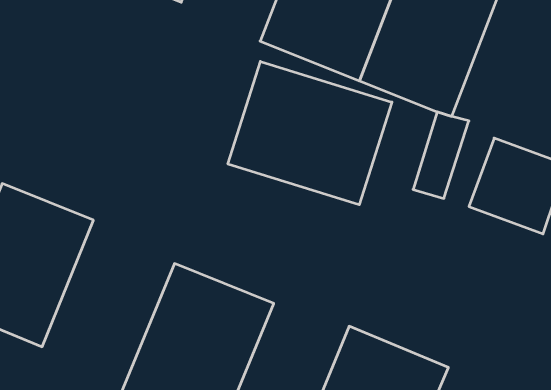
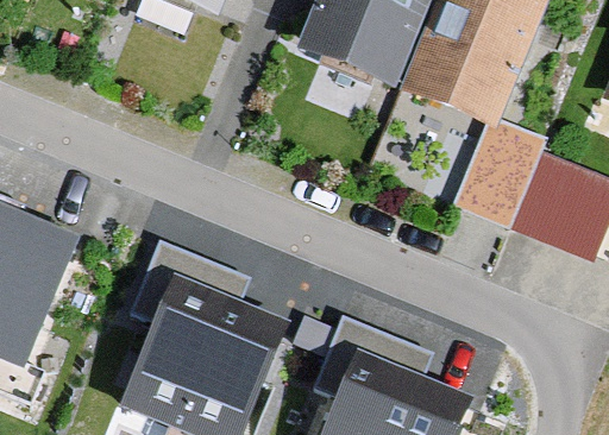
building: [228,61,392,205] -> none

